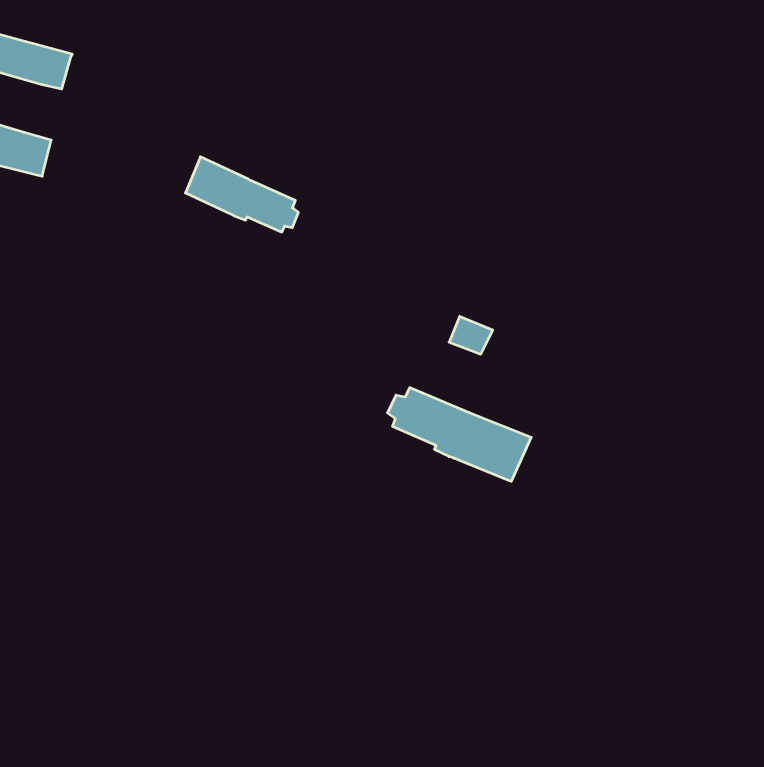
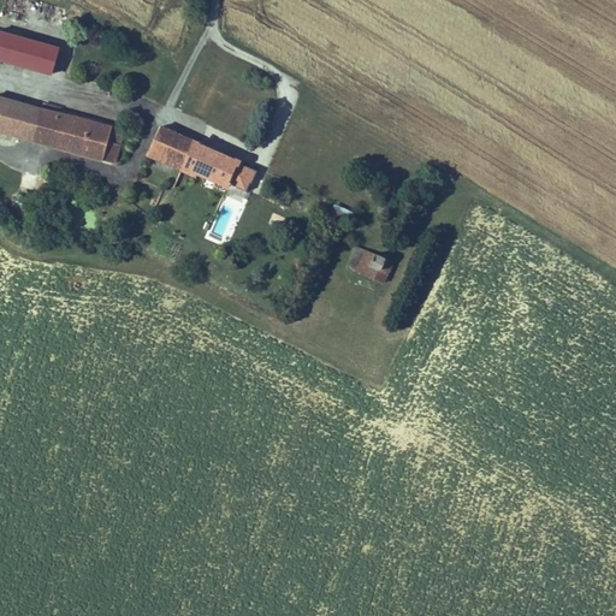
building: none -> [34,102,122,162]
building: [388,388,531,481] -> none

